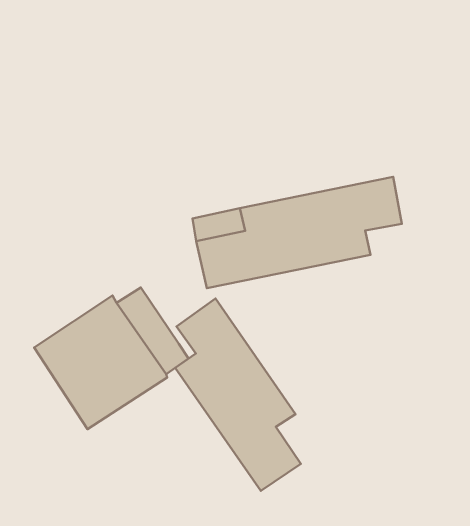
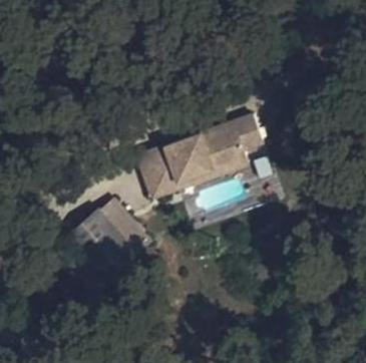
building: [175,299,301,491] -> none

